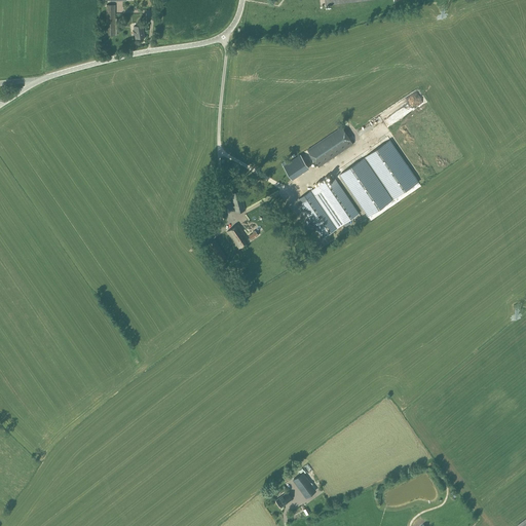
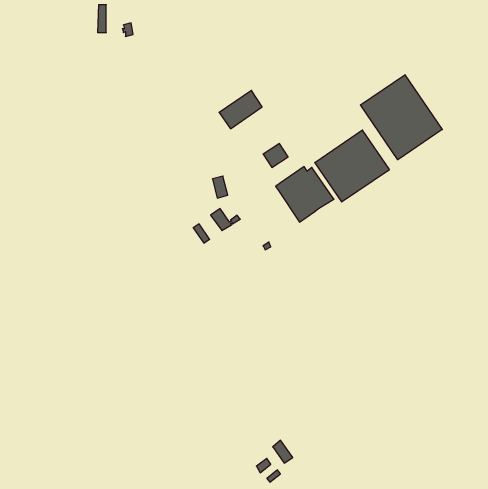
building: none -> [360,75,442,160]
building: [306,126,352,167] -> [219,90,262,129]

